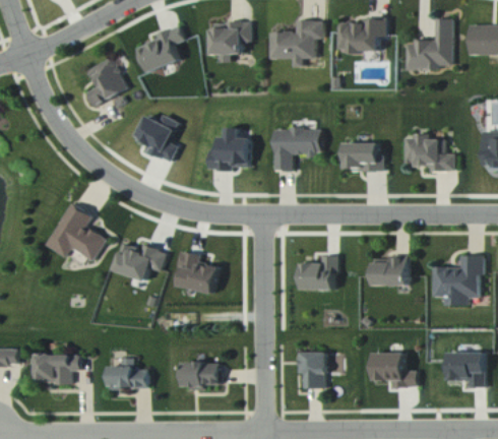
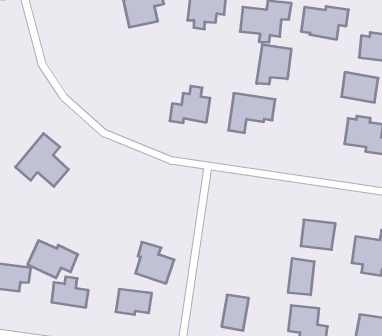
building: [87,58,126,106] -> none
building: none -> [257,44,291,84]
building: [137,114,179,162] -> none
building: [345,141,382,170] -> [341,72,378,102]
building: [111,242,165,280] -> [28,240,78,278]
building: [177,251,217,293] -> [135,242,174,283]
building: [300,254,334,290] -> none
building: none -> [288,258,314,295]

